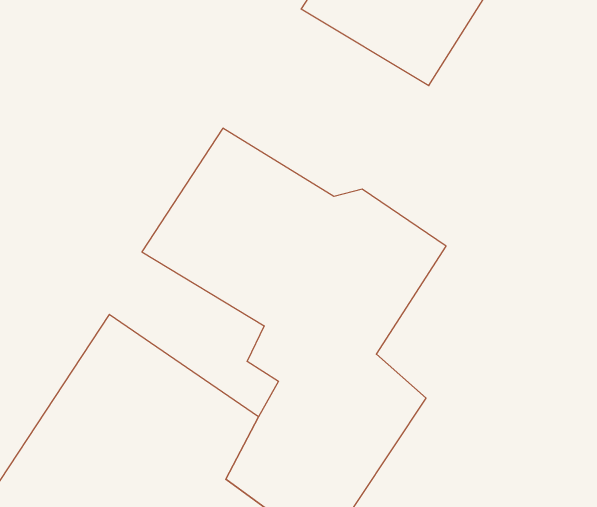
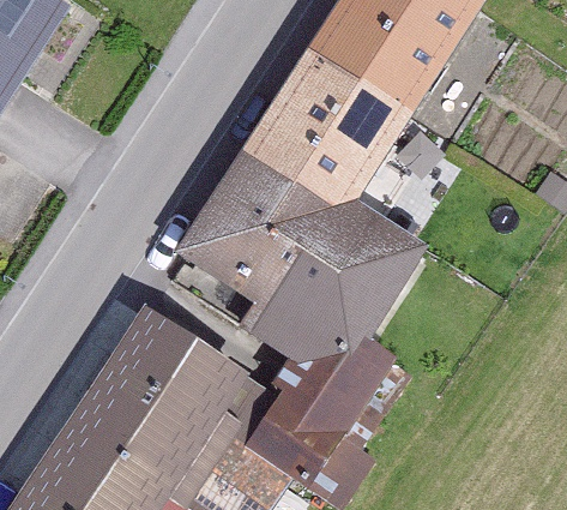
building: none -> [241,46,415,204]

